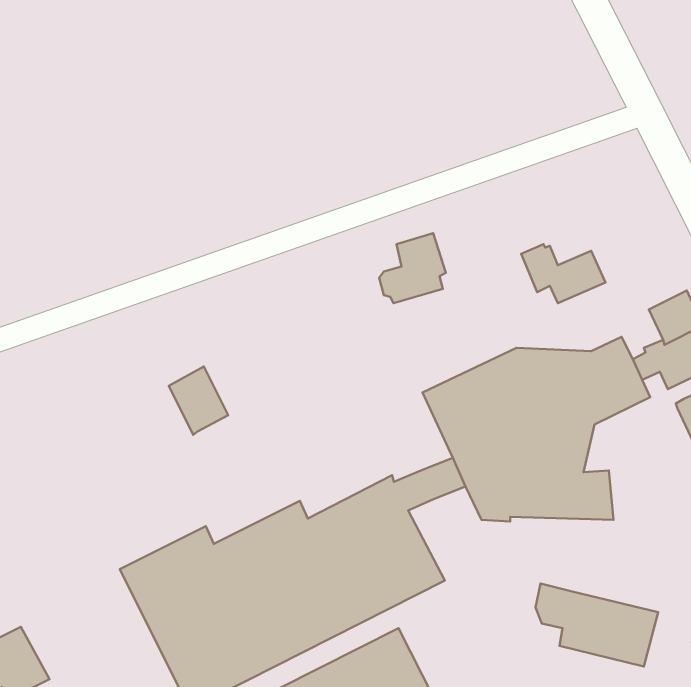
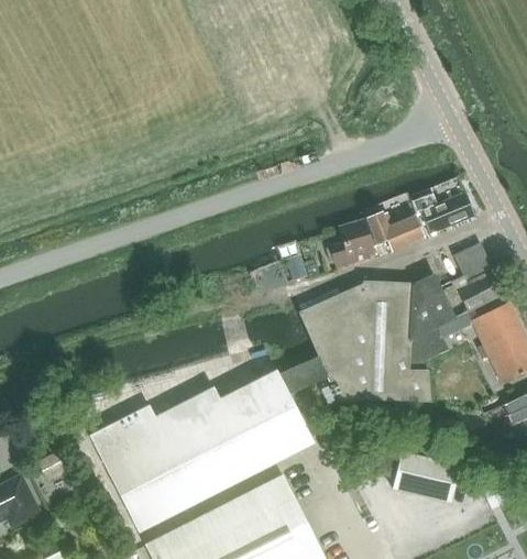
building: none -> [410,191,473,233]
building: [379,233,446,303] -> [327,218,373,266]
building: [169,366,228,435] -> none
building: none -> [409,307,479,368]

